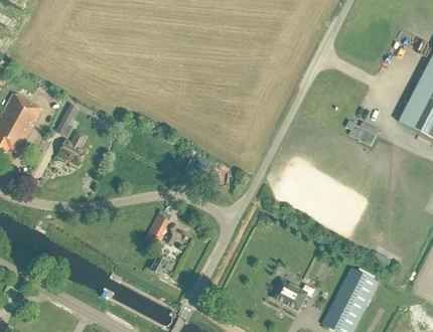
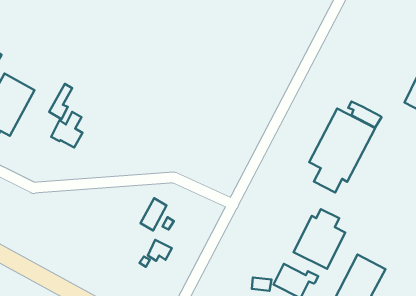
building: none -> [309,109,375,192]
building: none -> [294,209,345,269]

